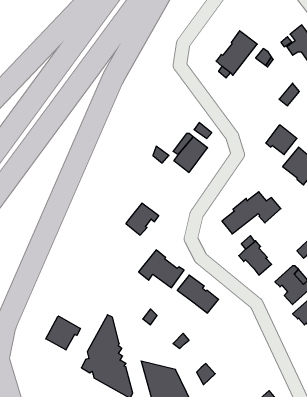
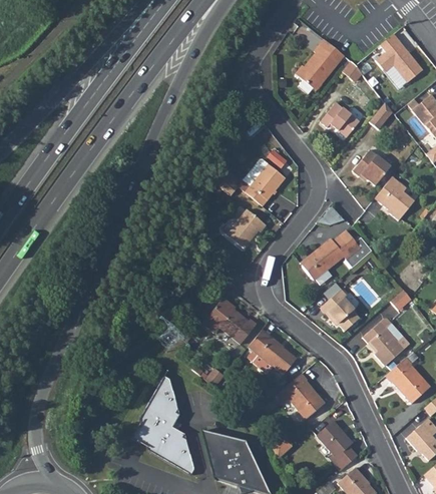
building: none -> [319,103,358,138]
building: [126,203,159,235] -> [226,211,265,250]
building: none -> [280,373,325,418]
building: [46,316,80,350] -> none
building: none -> [316,420,351,458]

